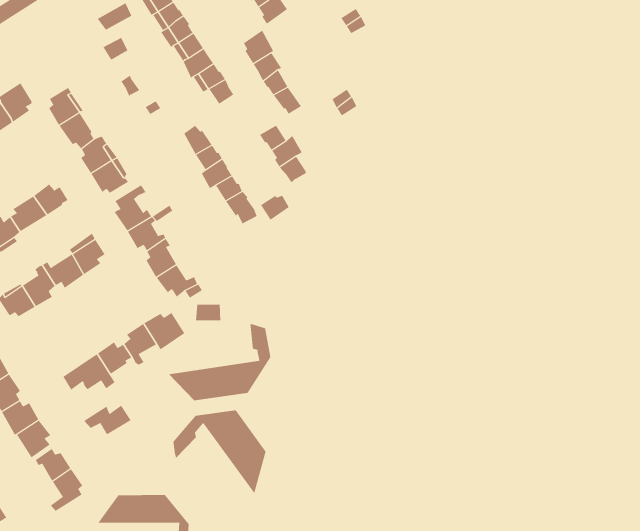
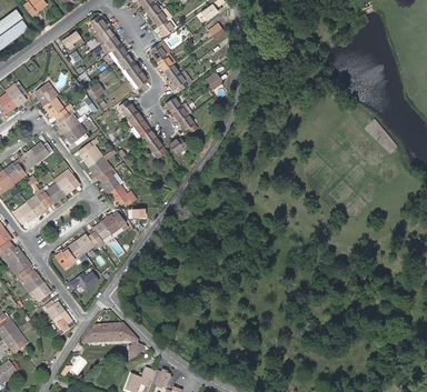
building: [168,323,271,401] -> none
building: [173,409,266,494] -> none

